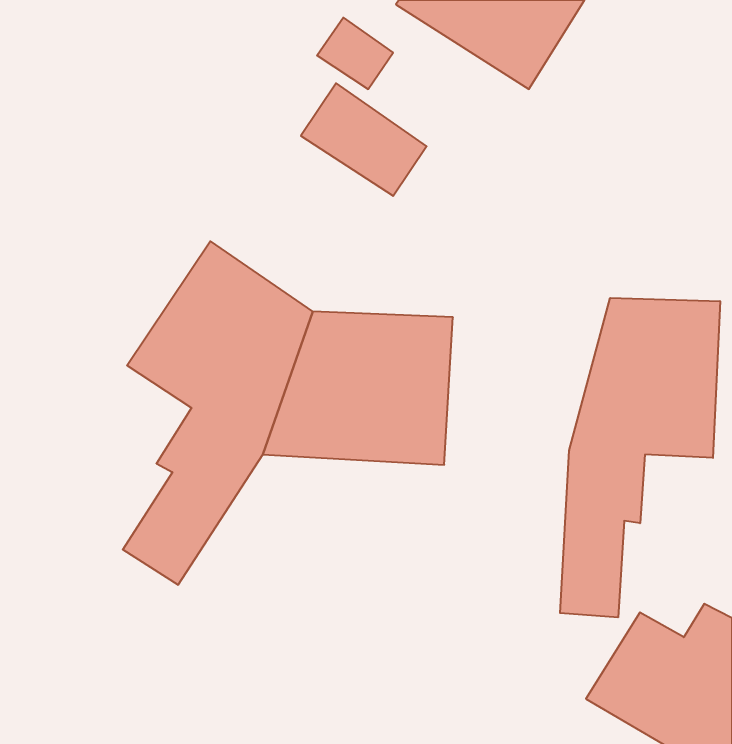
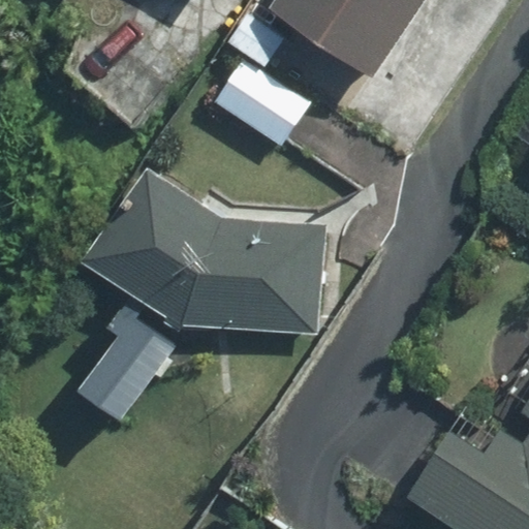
building: [560,298,720,617] -> none

